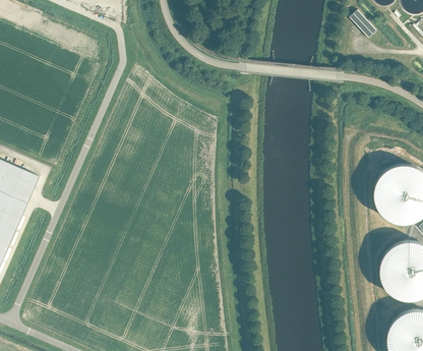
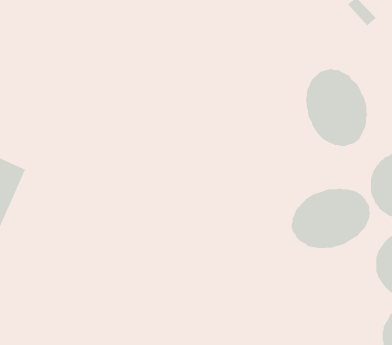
building: none -> [306,68,367,147]
building: none -> [291,188,371,249]

